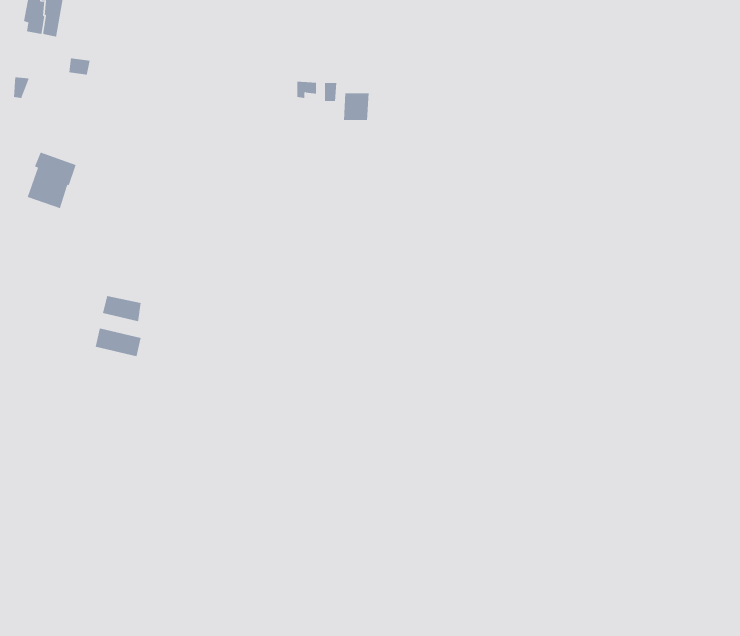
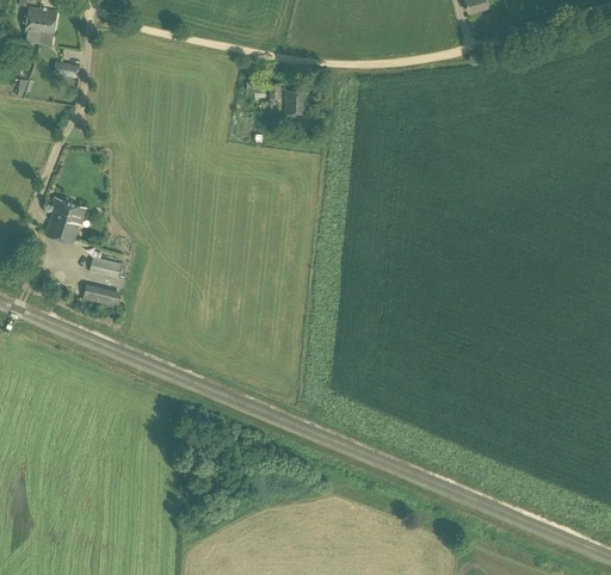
building: [27,152,77,209] -> [45,197,86,243]

